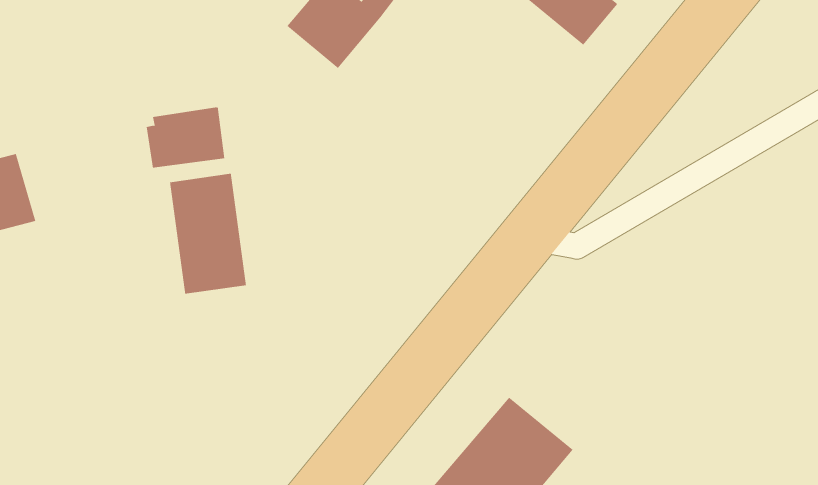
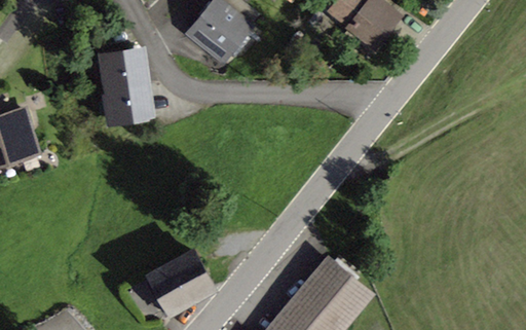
building: none -> [97,51,147,88]
building: [169,173,247,295] -> none
building: none -> [150,252,213,311]

